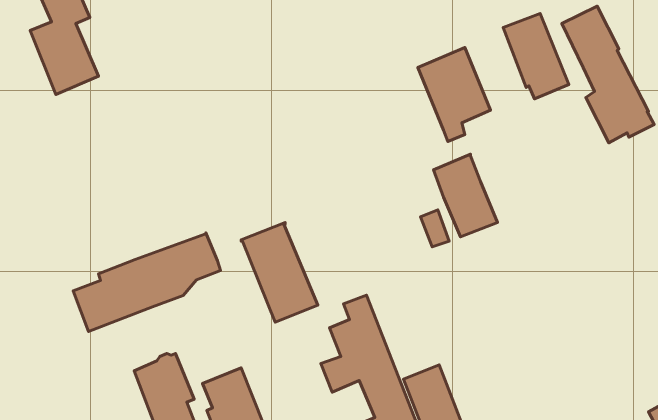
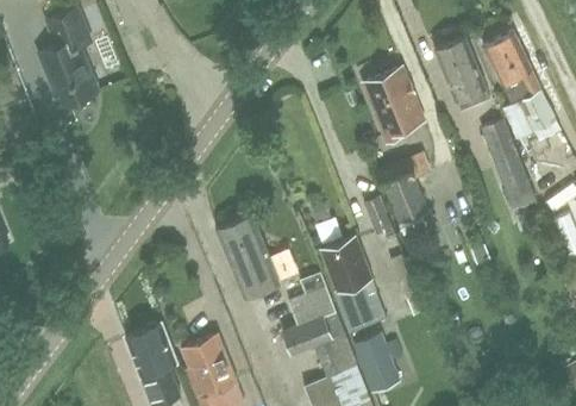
building: none -> [482,118,536,208]
building: [73,233,220,331] -> none
building: none -> [321,235,387,331]

